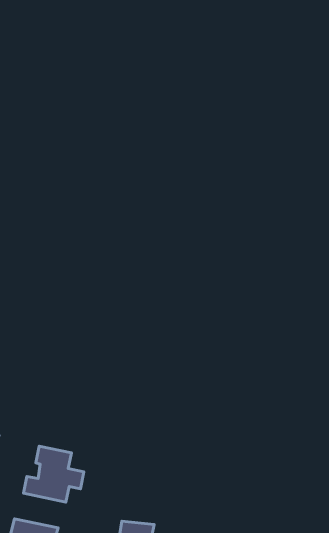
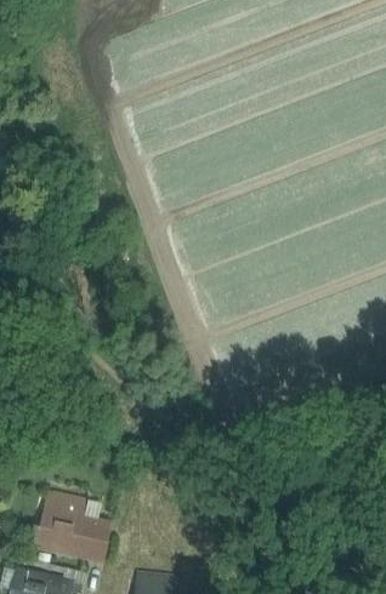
building: none -> [76,501,114,560]

